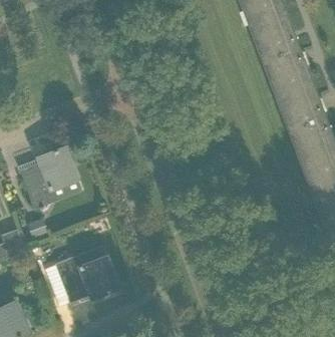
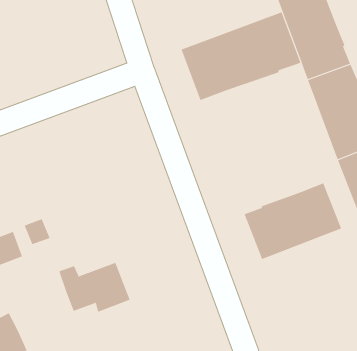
building: none -> [181,12,301,101]
building: [21,144,78,206] -> none
building: none -> [244,183,342,260]

